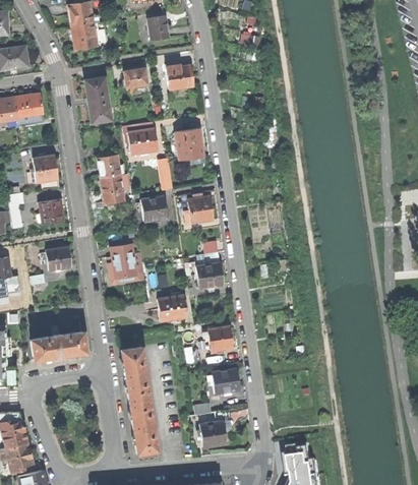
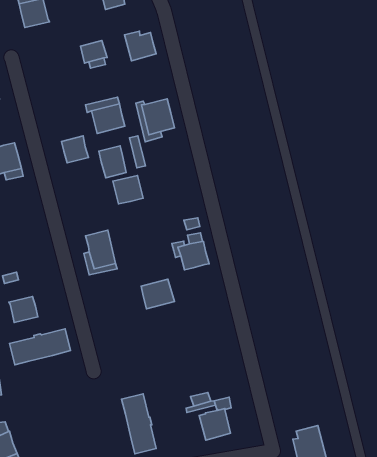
building: [85,77,111,122] -> none
building: [101,175,124,203] -> [99,146,126,178]
building: [185,195,214,224] -> none
building: [40,198,64,224] -> none
building: [46,247,71,269] -> [9,297,38,323]
building: [207,325,233,351] -> none
building: [121,347,150,402] -> none
building: [207,368,239,393] -> none

